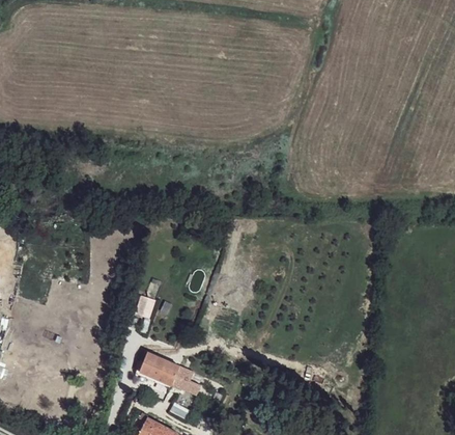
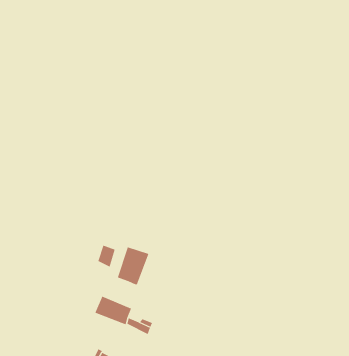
building: none -> [117,246,149,285]

